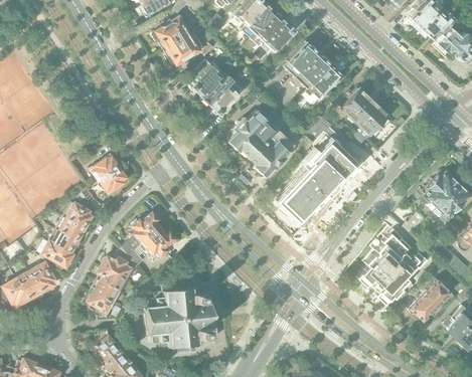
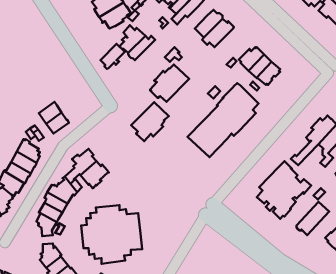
building: [306,64,342,99] -> none
building: [209,83,240,115] -> [100,44,125,69]
building: [249,127,295,175] -> [131,102,169,141]

